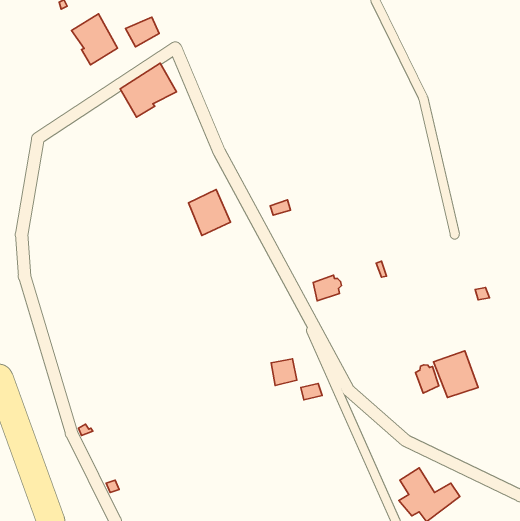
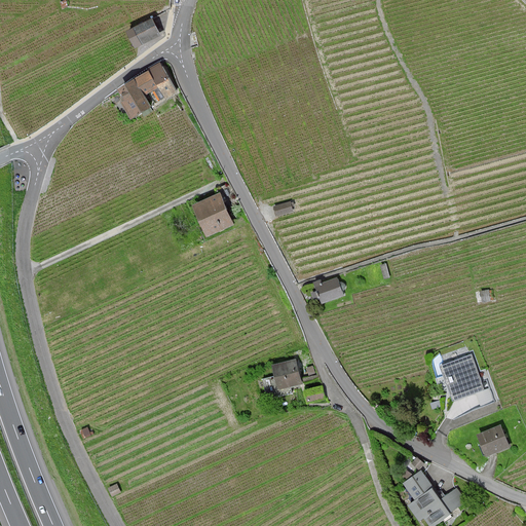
building: [71,14,118,65] -> none
building: [416,365,439,393] -> none
building: none -> [477,427,506,456]

